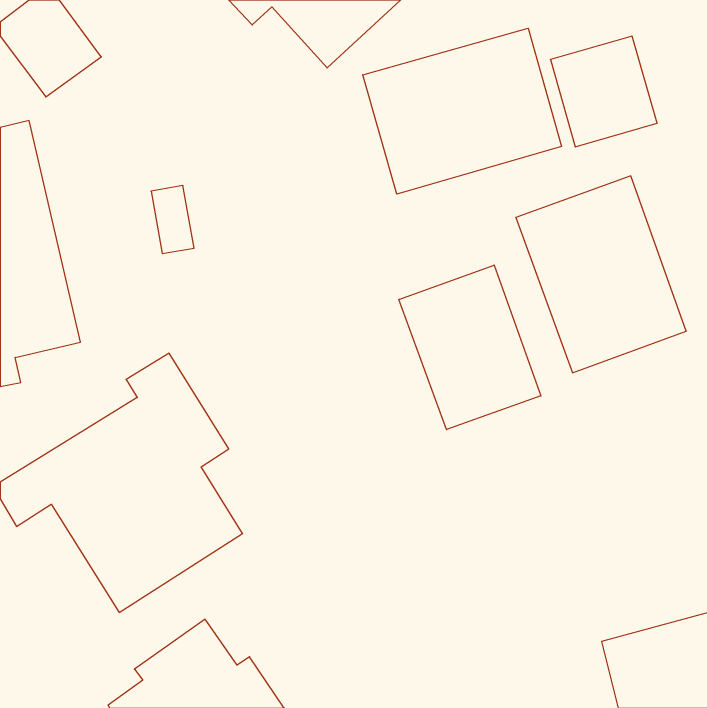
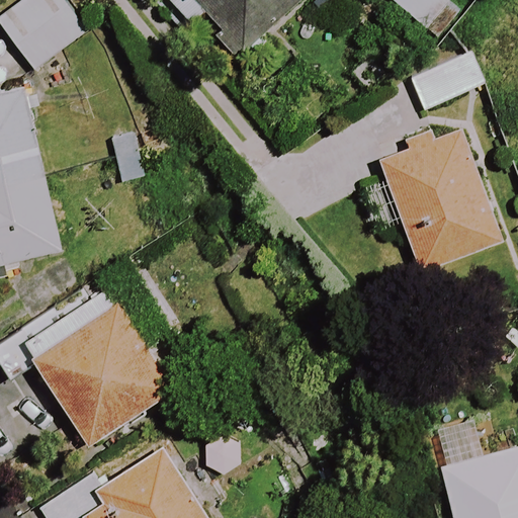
building: [363,28,561,194] -> none
building: [399,265,541,430] -> none

